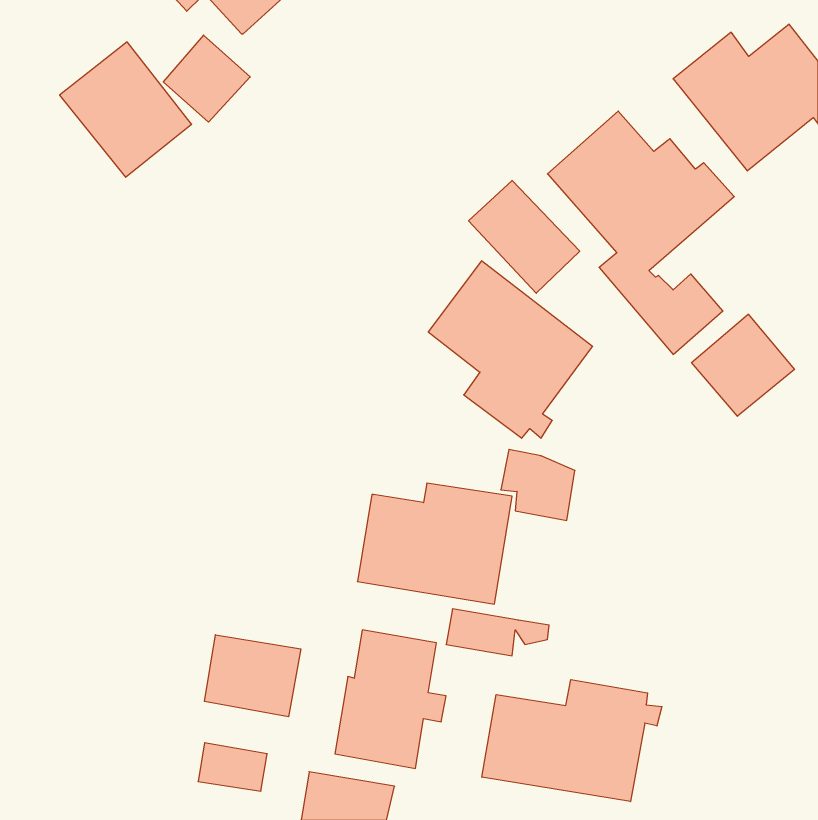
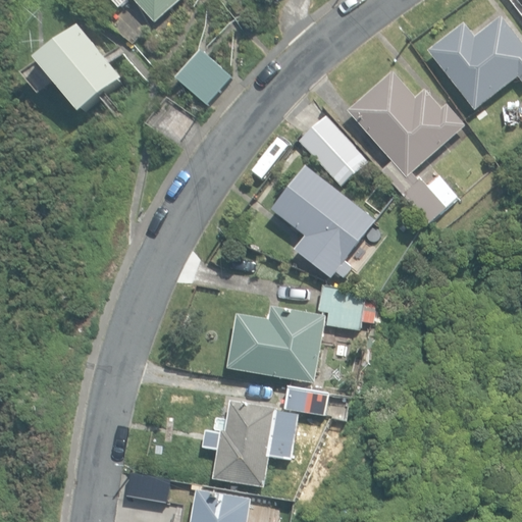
building: [163,35,250,122] -> [176,49,231,104]
building: [692,314,794,416] -> none
building: [204,635,301,717] -> none
building: [482,680,662,802] -> none

